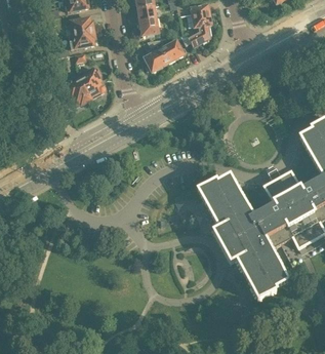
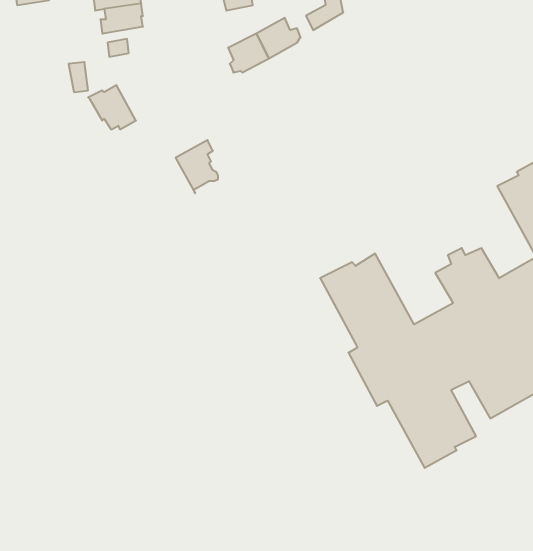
building: [79,67,104,97] -> [176,140,218,193]

